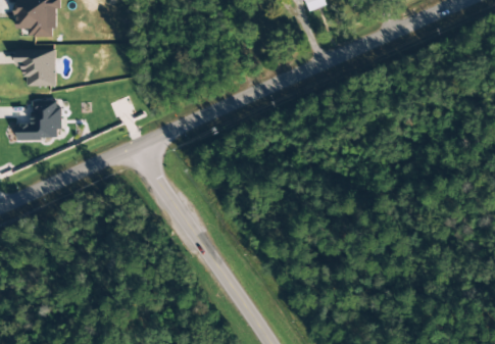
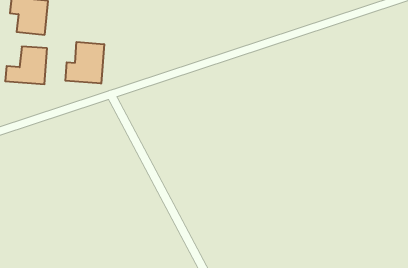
building: none -> [65,42,104,84]

